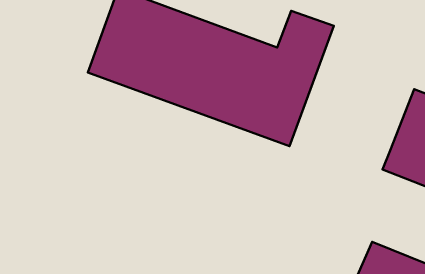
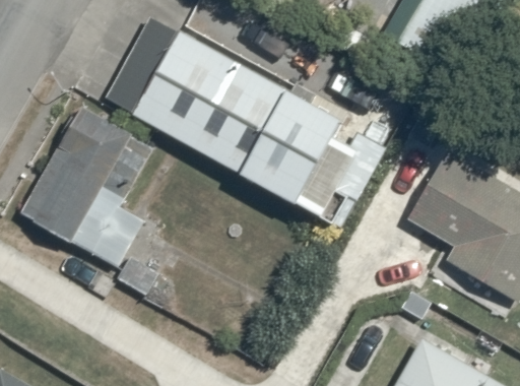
building: none -> [396,153,481,244]
building: none -> [20,105,151,267]

